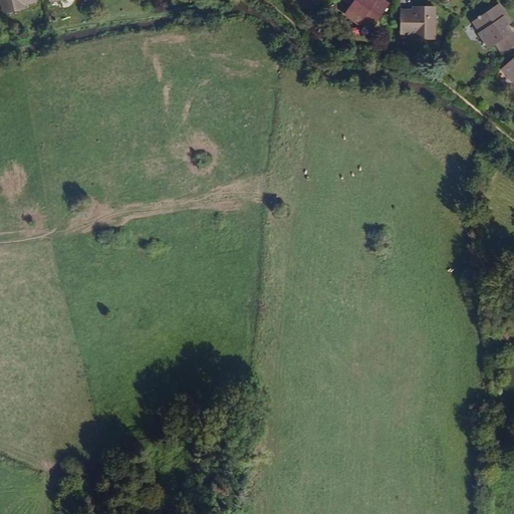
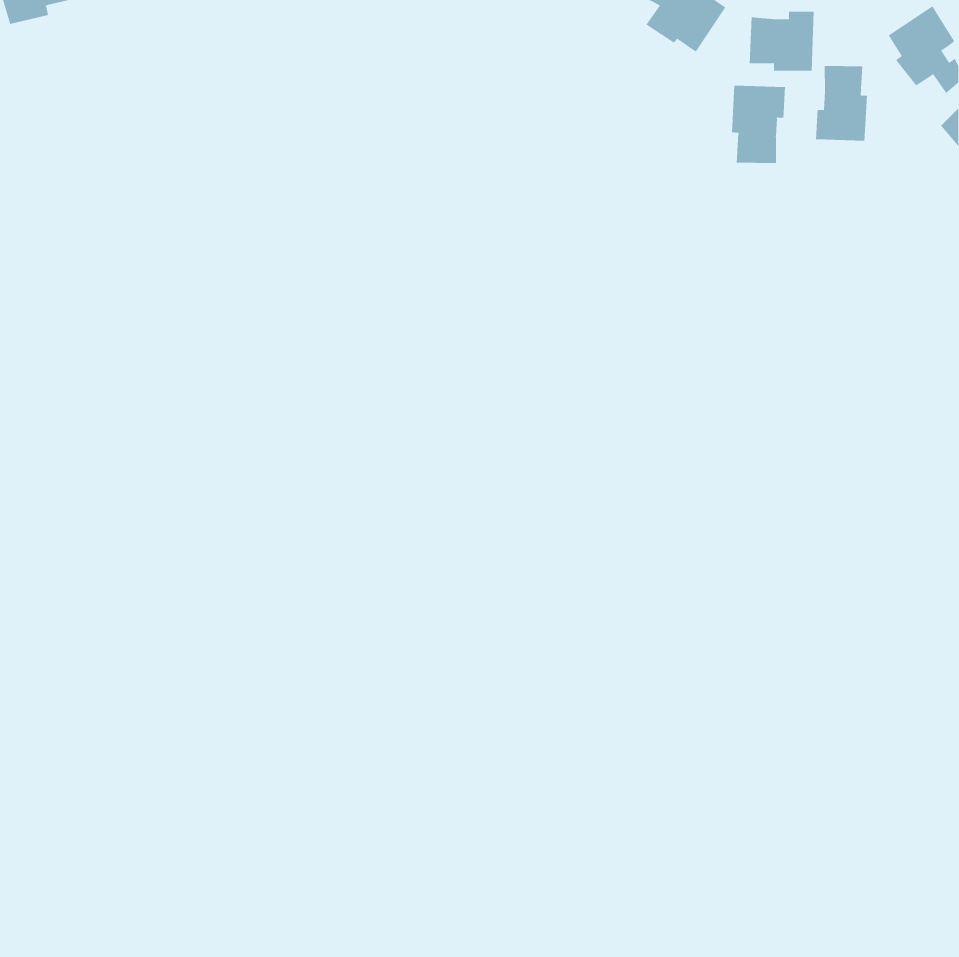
building: none -> [816,65,867,141]
building: none -> [731,85,786,164]

